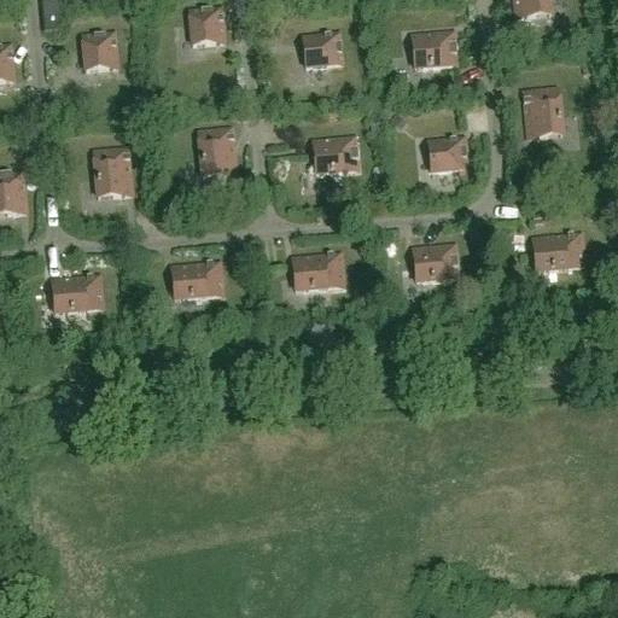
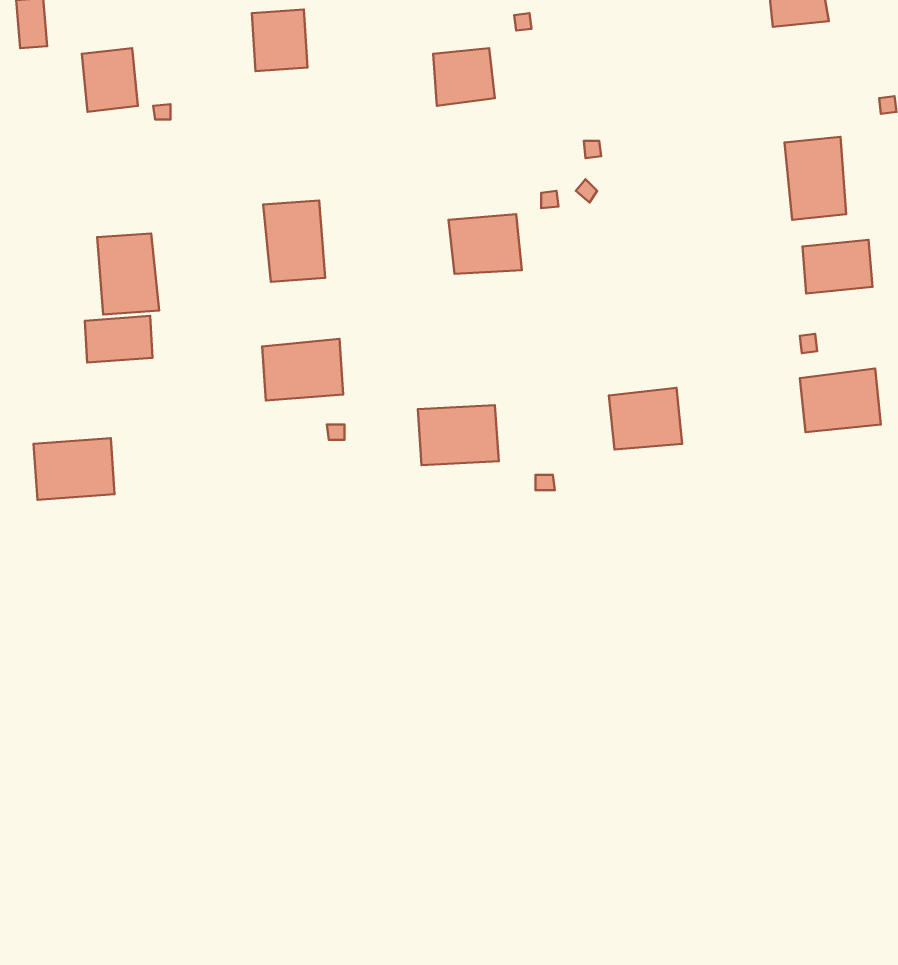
building: [413,30,457,68] -> none
building: [428,136,468,171] -> none
building: none -> [802,240,872,294]
building: none -> [85,316,153,363]
building: [171,261,222,299] -> [262,339,343,400]

